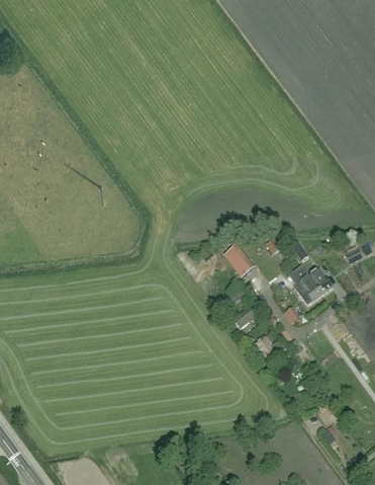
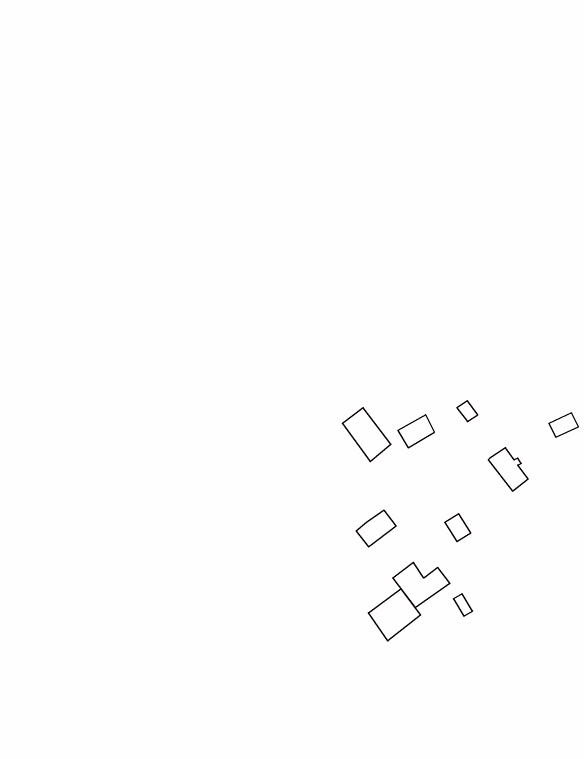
building: [289,265,323,306] -> none
building: none -> [368,589,421,641]

